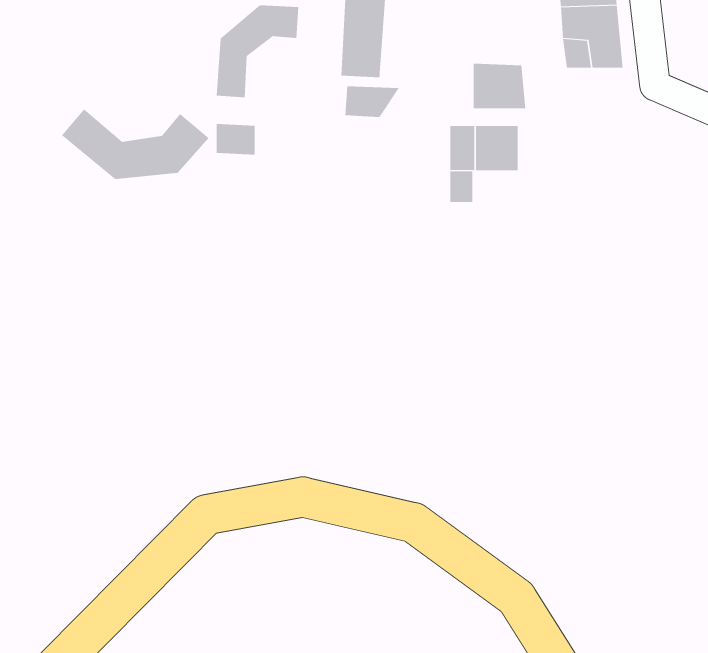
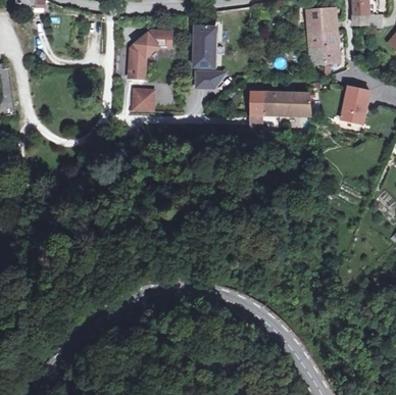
building: [473,63,526,109] -> [285,92,312,115]
building: [61,108,210,180] -> none
building: none -> [344,85,369,118]

